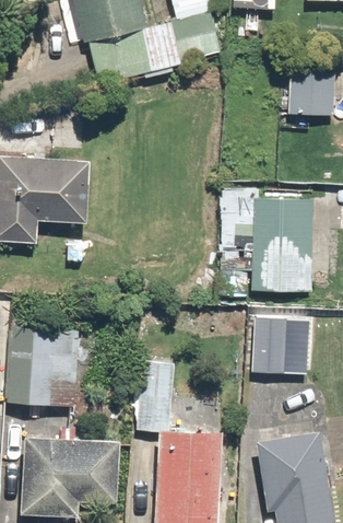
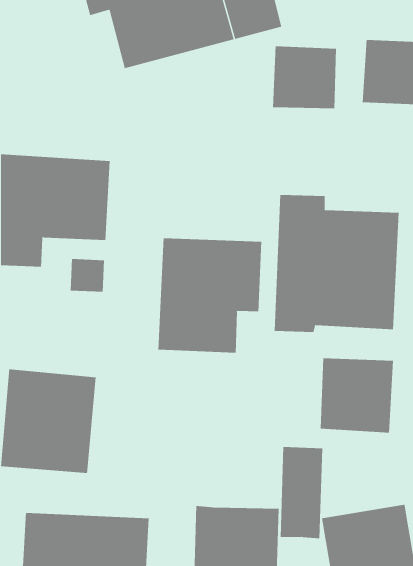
building: none -> [272,45,336,109]
building: none -> [158,237,262,353]
building: [139,360,173,432] -> [280,447,323,539]

